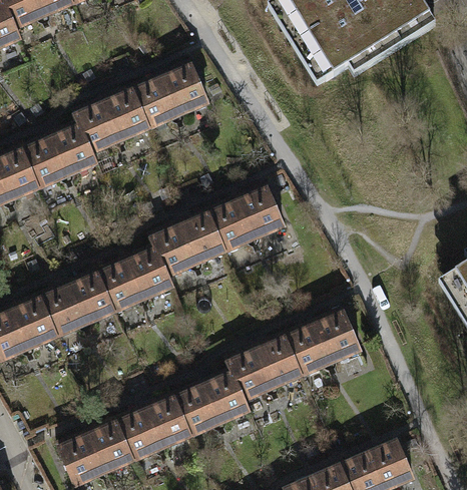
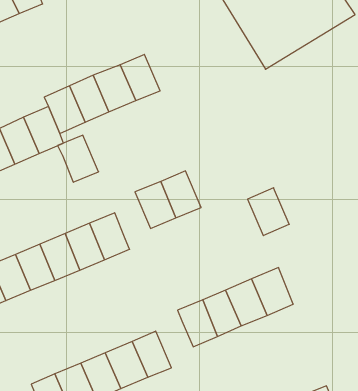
building: [235,184,283,239] -> [248,188,289,236]
building: [147,221,194,276] -> [58,135,99,182]
building: [200,370,249,424] -> none

